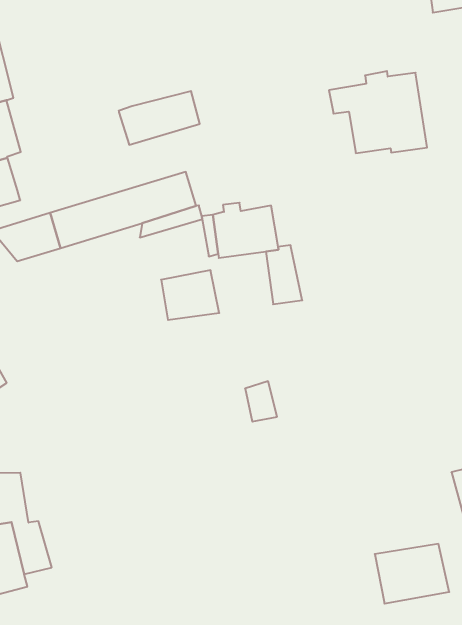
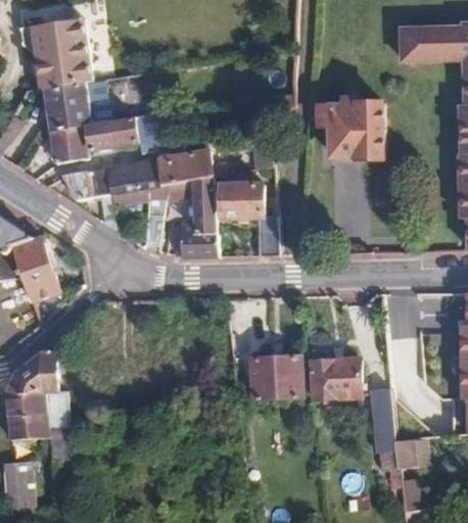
building: [119,91,200,145] -> [80,115,137,148]
building: none -> [254,354,303,396]
building: [375,544,449,604] -> [314,359,364,396]

